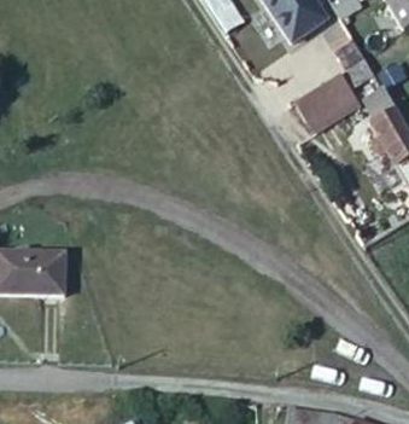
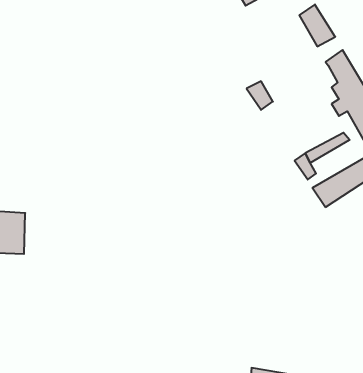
building: [294,70,364,134] -> none

